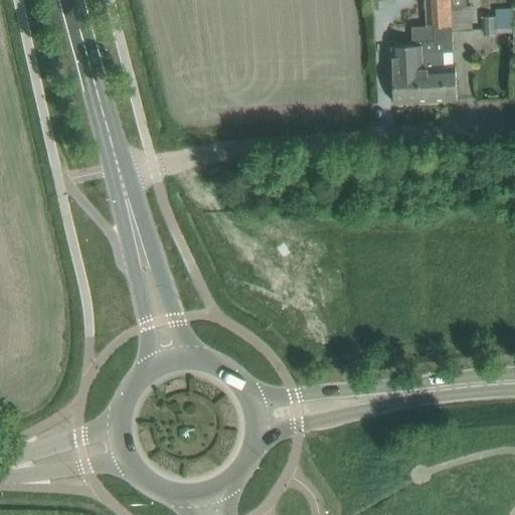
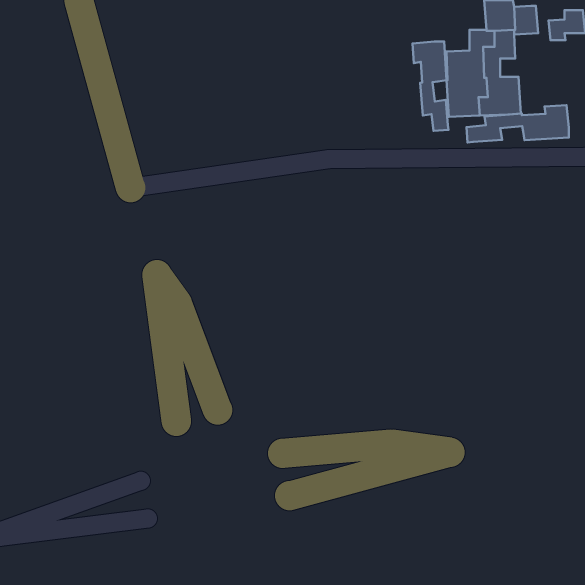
building: none -> [413,41,448,131]
building: none -> [466,105,569,143]

